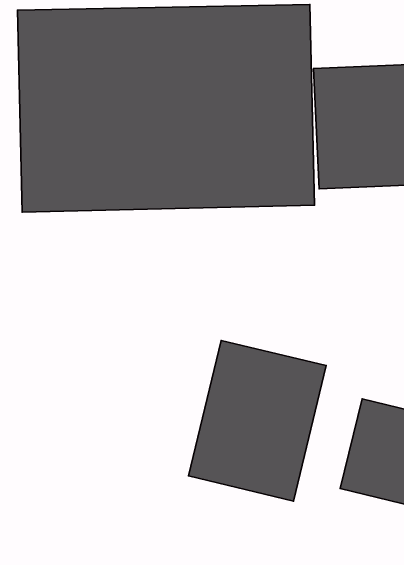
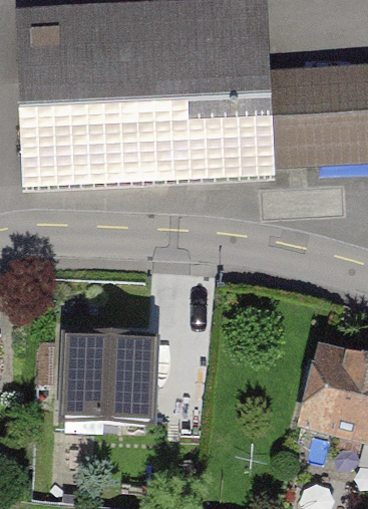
building: [188,340,326,501] -> none
building: none -> [55,329,157,428]

